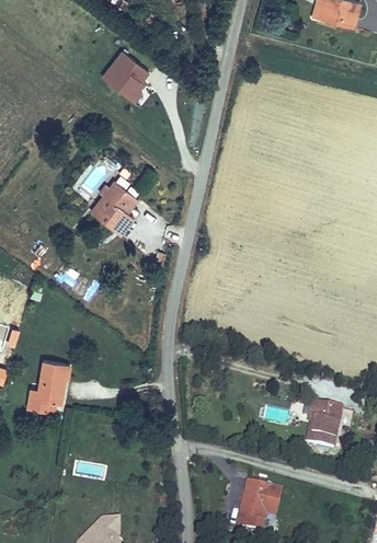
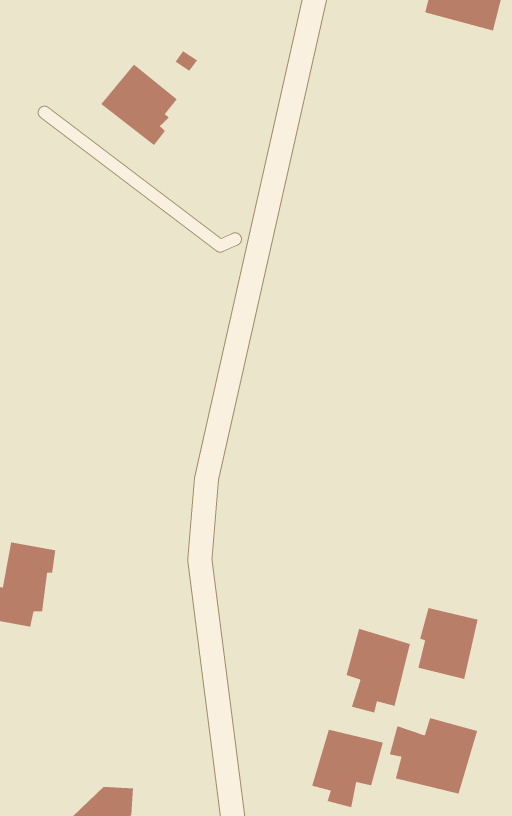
building: [89,181,139,235] -> none
building: none -> [345,628,411,714]
building: none -> [389,717,478,795]

